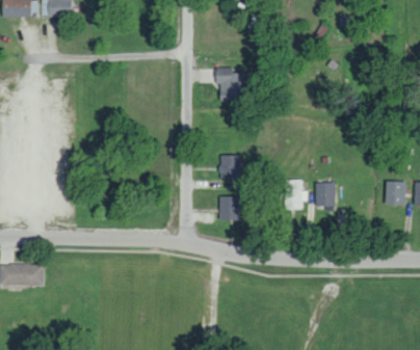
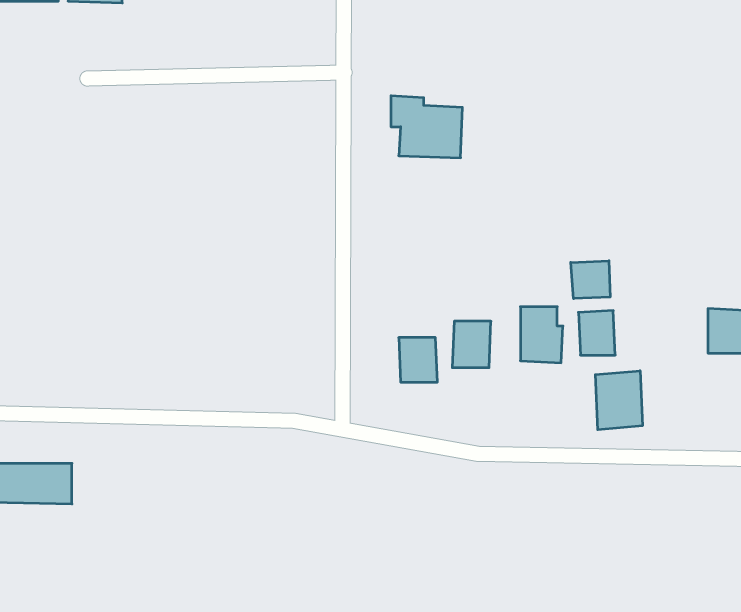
building: [220,156,241,181] -> [452,321,491,368]
building: none -> [571,261,610,299]
building: none -> [595,371,642,430]

